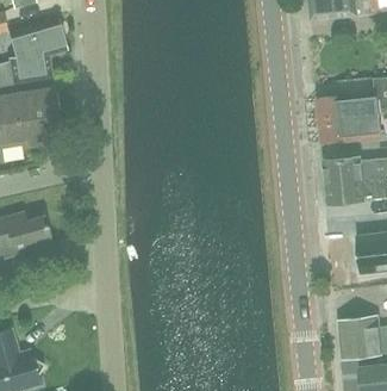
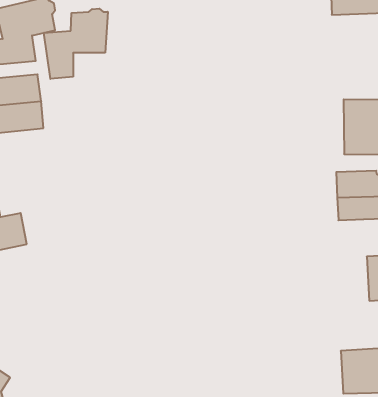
building: none -> [44,9,108,79]

